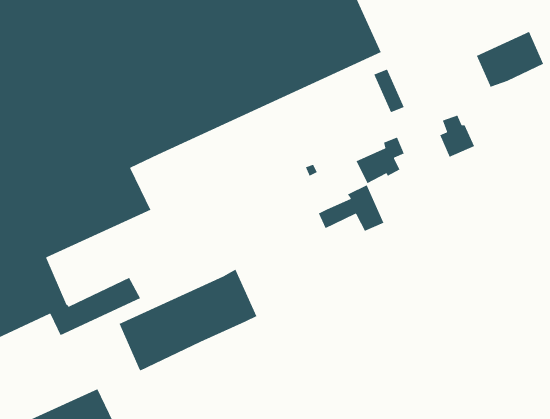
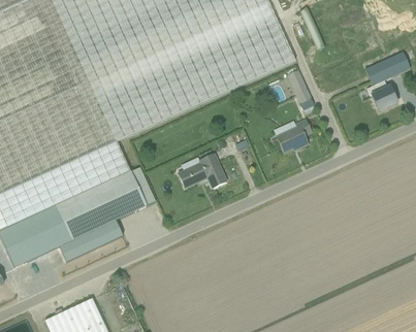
building: [439,115,475,158] -> [371,80,396,111]
building: [318,184,385,232] -> [179,154,226,188]
building: [118,269,257,371] -> [56,167,155,240]

